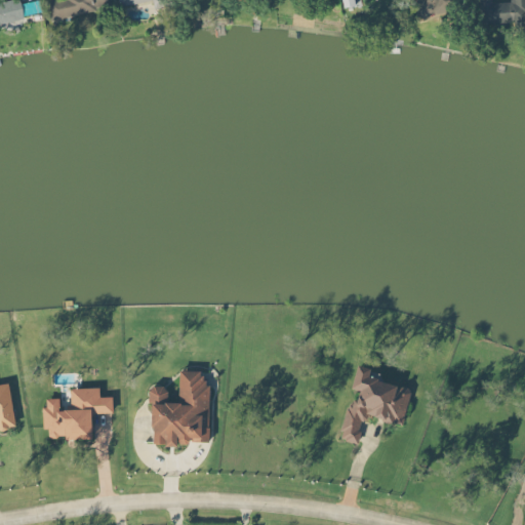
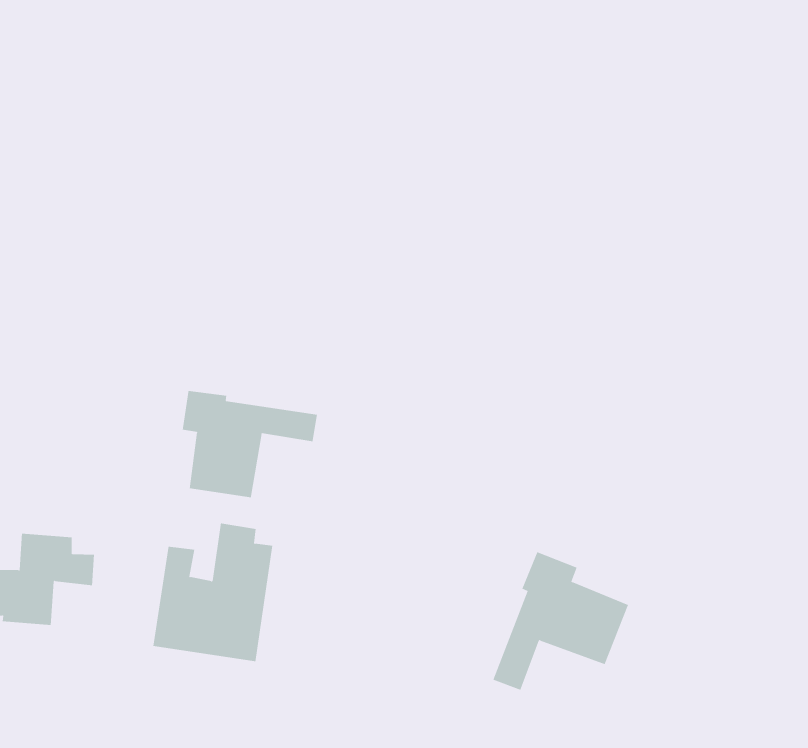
building: none -> [182,390,317,498]

